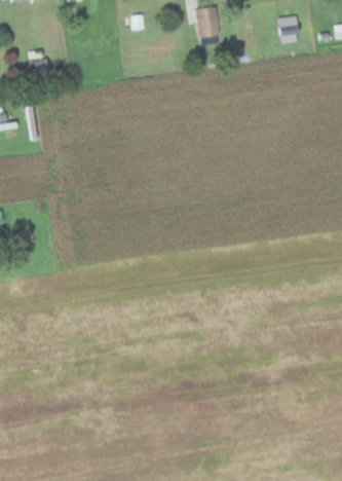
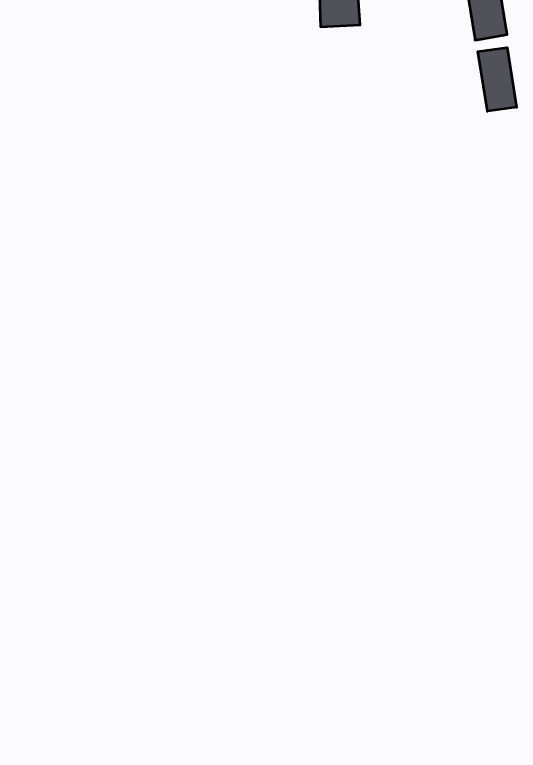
building: none -> [478,48,517,111]

